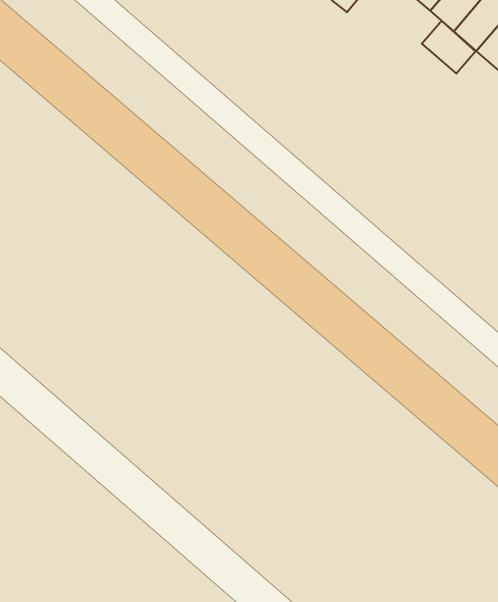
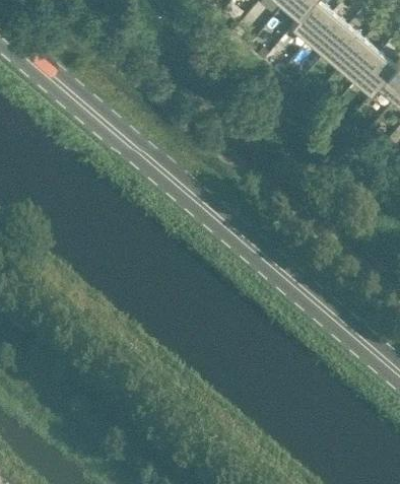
building: [422,21,475,74] -> none

